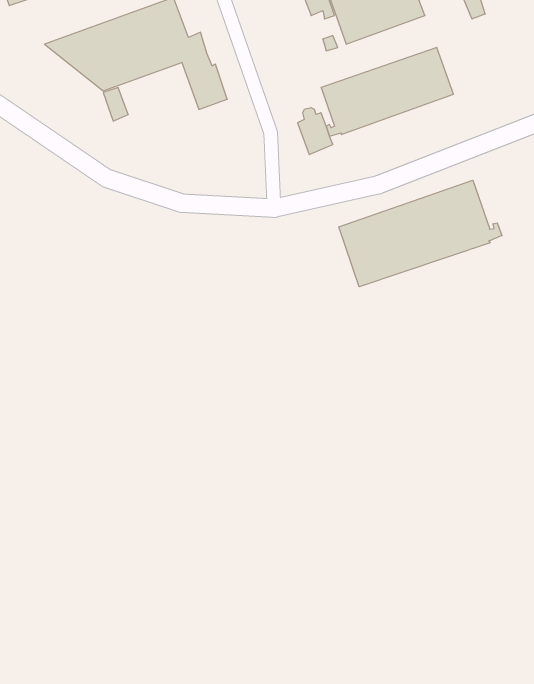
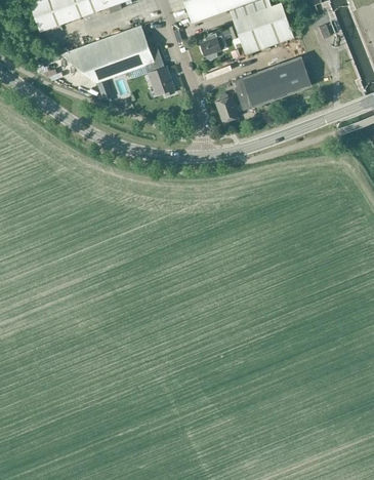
building: none -> [200,34,224,59]
building: [339,180,502,287] -> none

